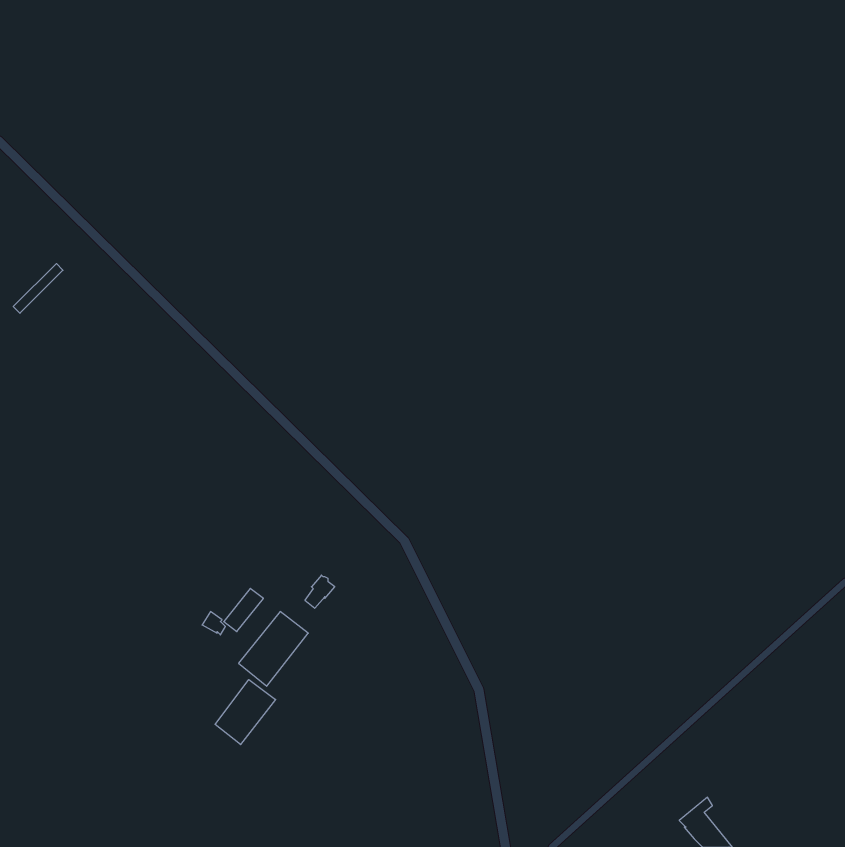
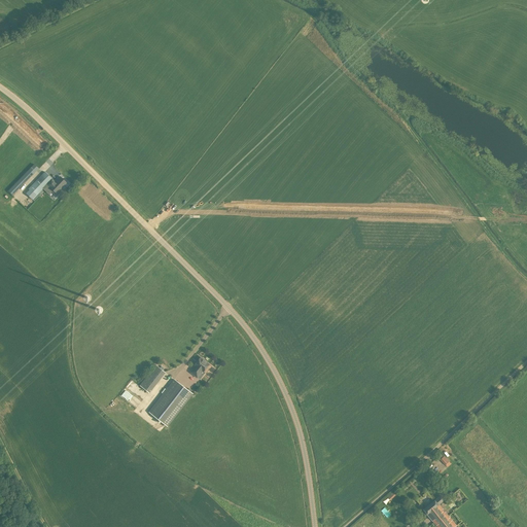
building: none -> [28,172,66,197]
building: [215,680,276,745] -> none

